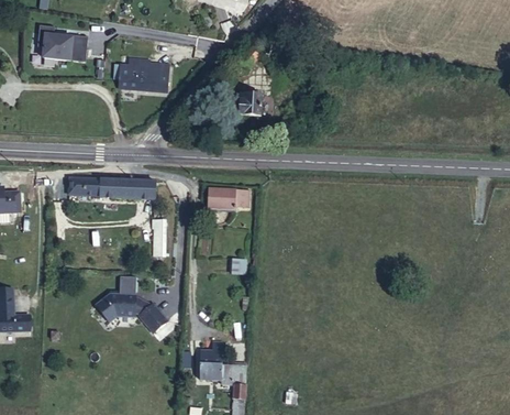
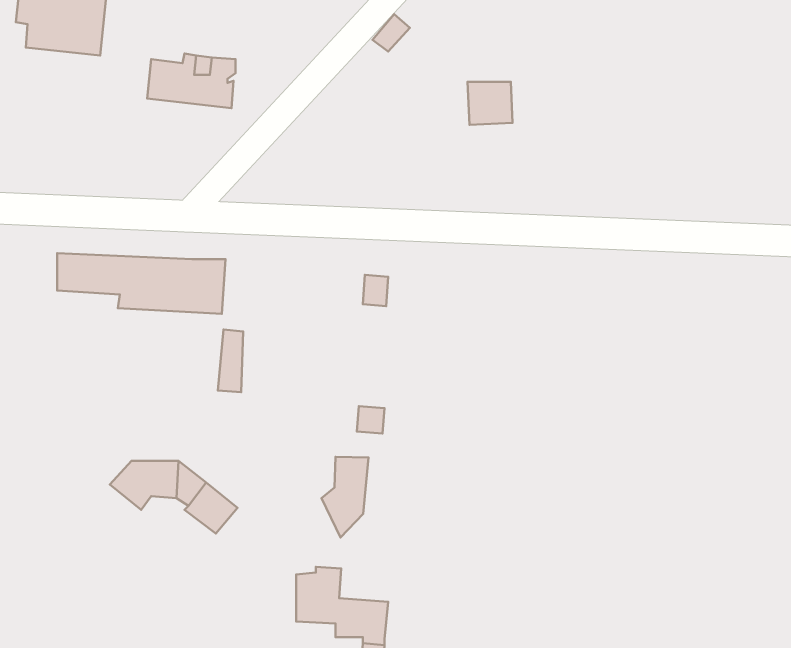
building: [236,90,262,114] -> [468,82,513,125]
building: [210,184,234,207] -> none
building: none -> [322,457,368,538]

